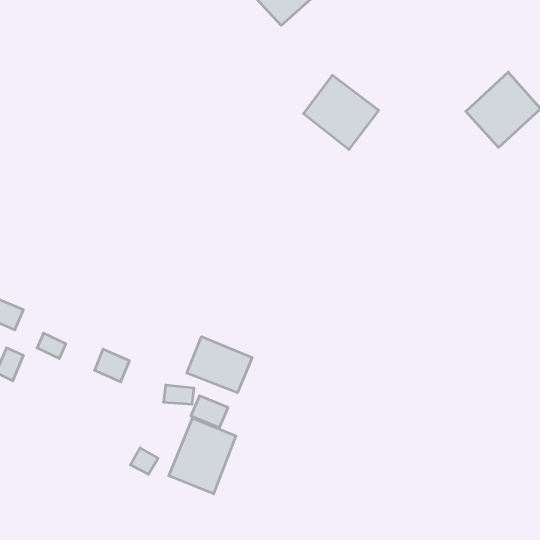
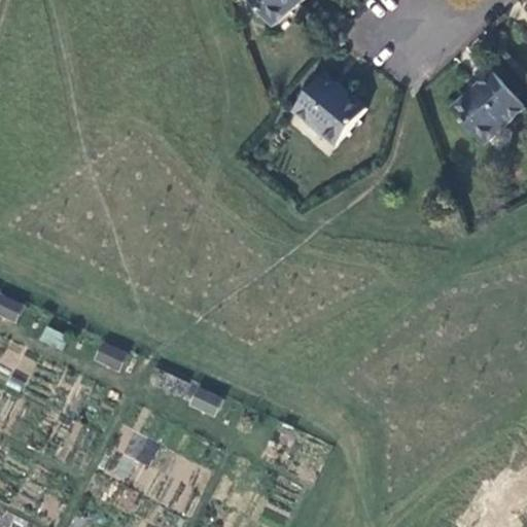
building: [187,337,252,393] -> none
building: [169,418,236,494] -> none

